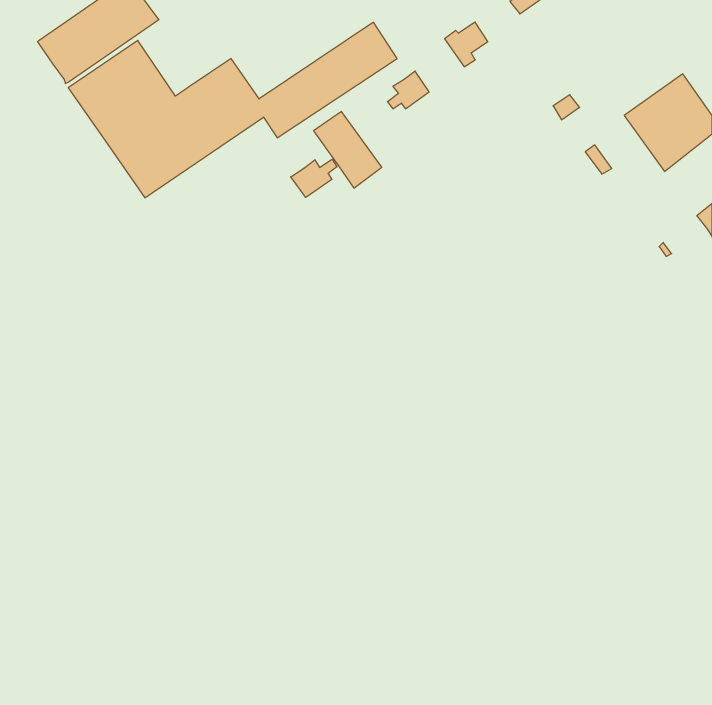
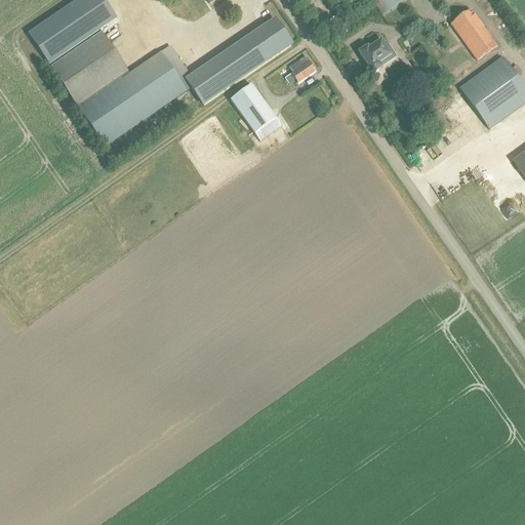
building: none -> [451,6,497,57]
building: [445,22,488,67] -> [359,37,391,70]
building: [291,159,337,197] -> none

